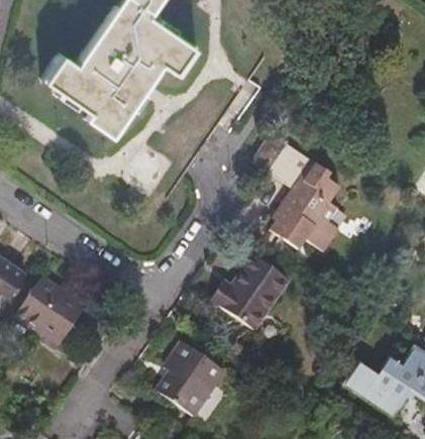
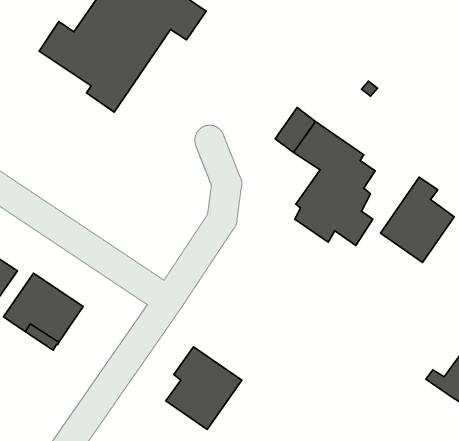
building: none -> [381,177,454,262]
building: [211,255,288,329] -> none
building: [348,366,410,415] -> none

